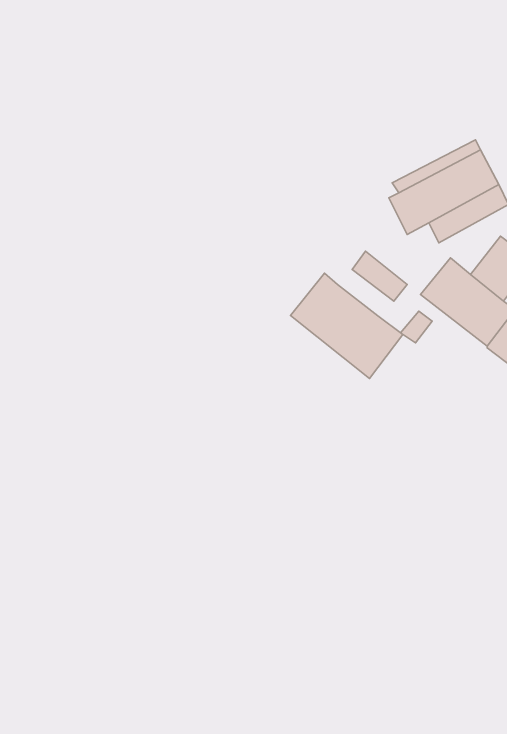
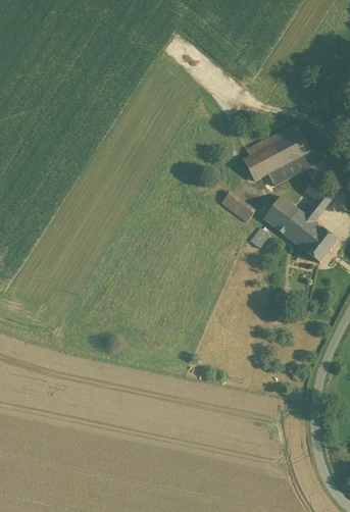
building: [291,273,403,378] -> none

